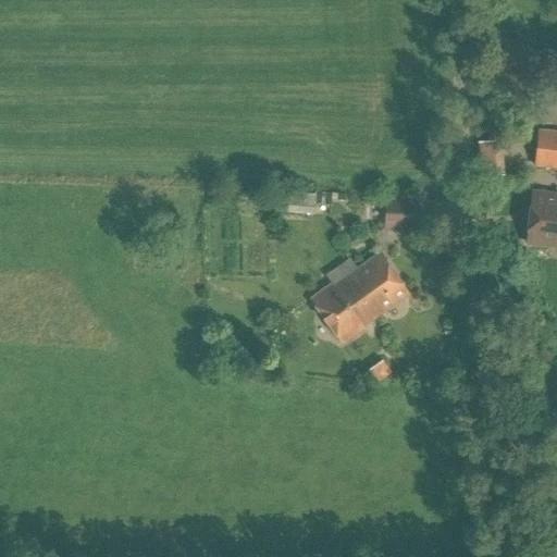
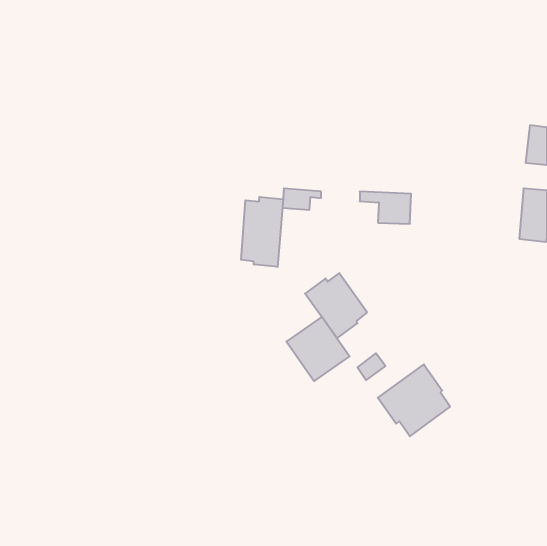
building: none -> [241,197,283,267]
building: [345,252,409,318] -> [286,317,350,381]
building: none -> [378,364,450,436]

